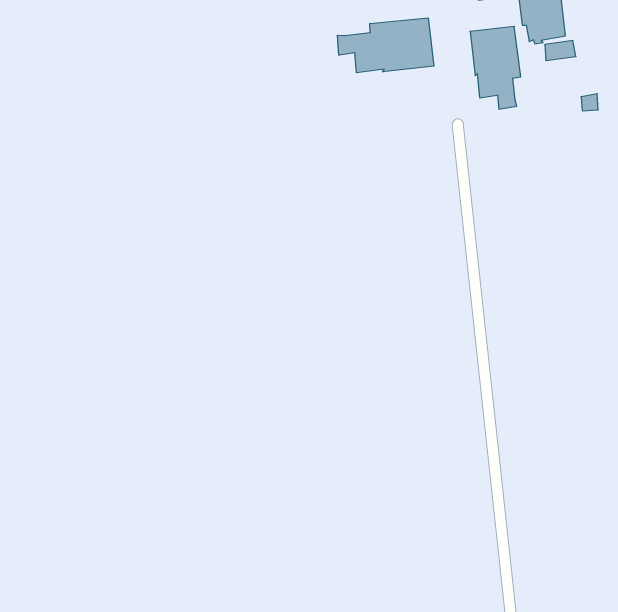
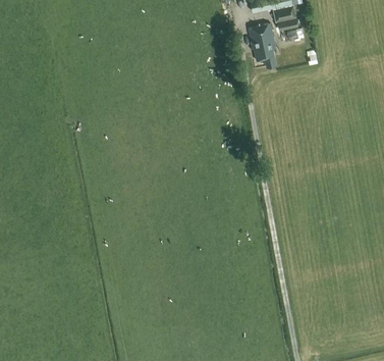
building: [337,18,434,73] -> none

